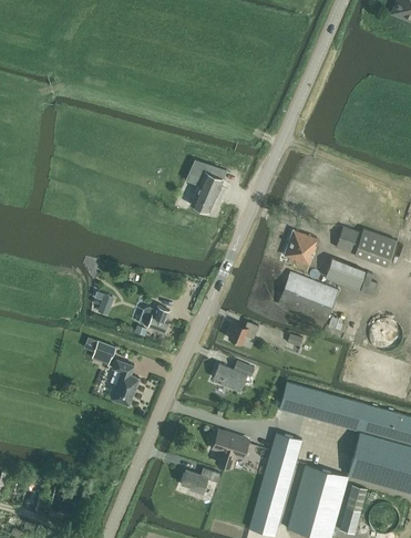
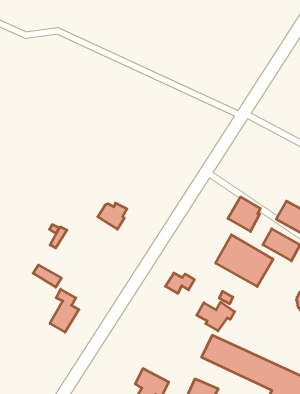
building: [187,158,227,214] -> none
building: [140,306,169,333] -> [98,203,127,229]
building: [214,361,254,392] -> [197,302,235,331]

